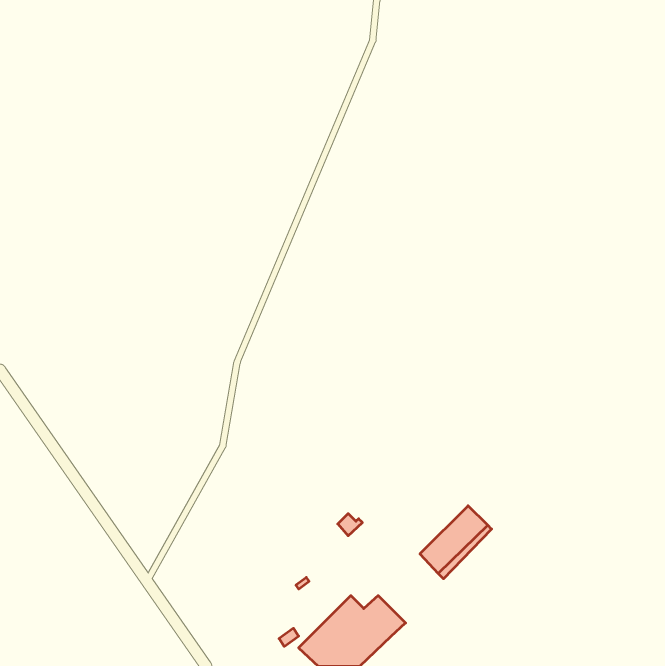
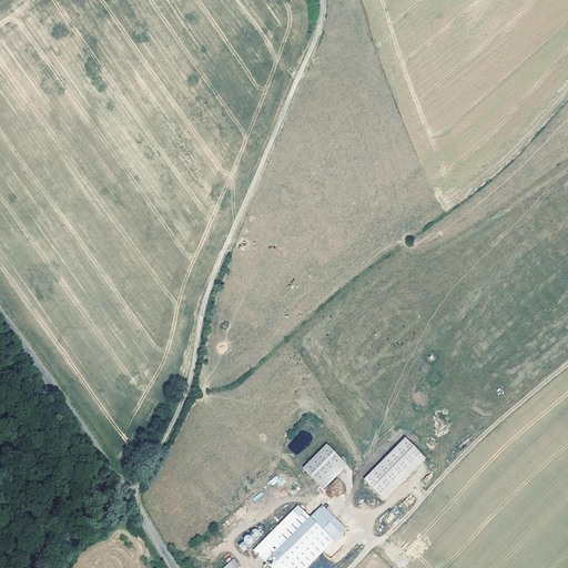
building: none -> [304,446,344,486]

